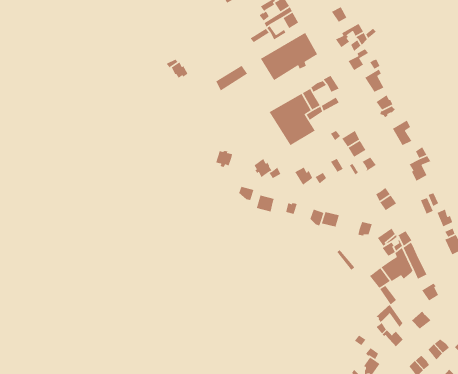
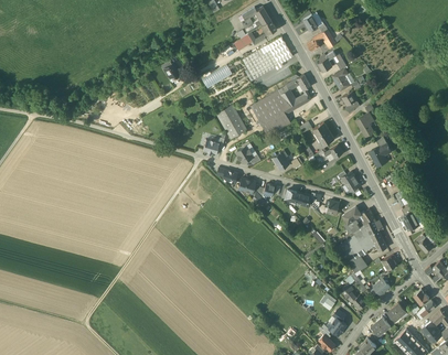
building: none -> [216,106,246,140]

